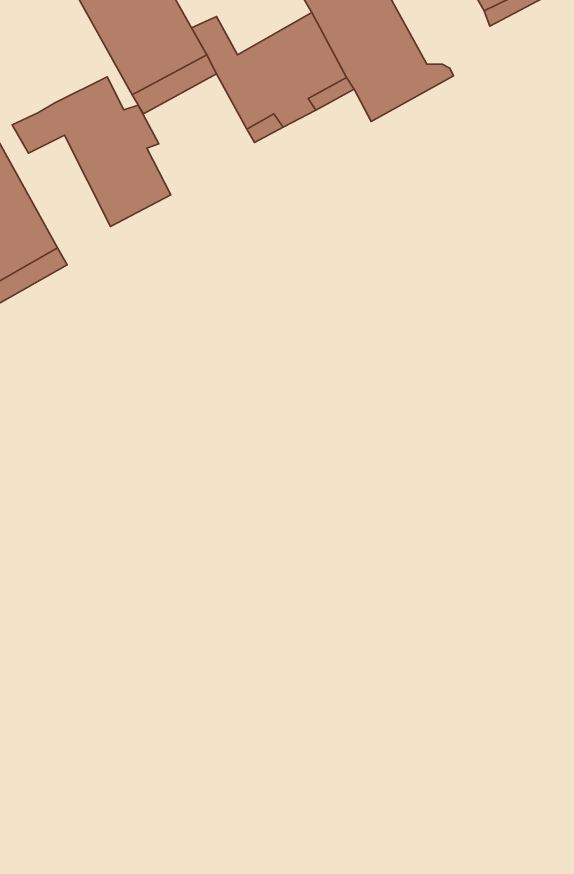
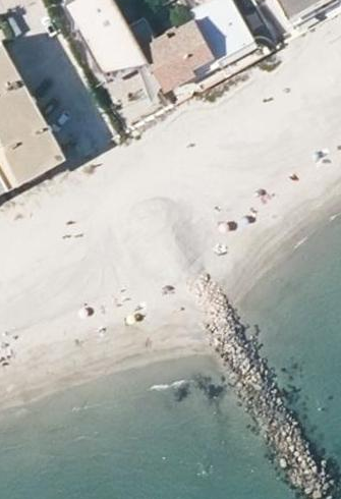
building: [12,77,171,227] -> none

